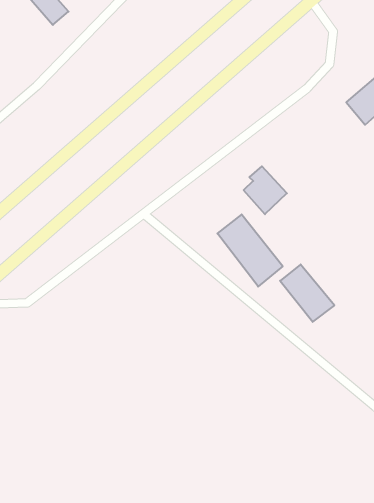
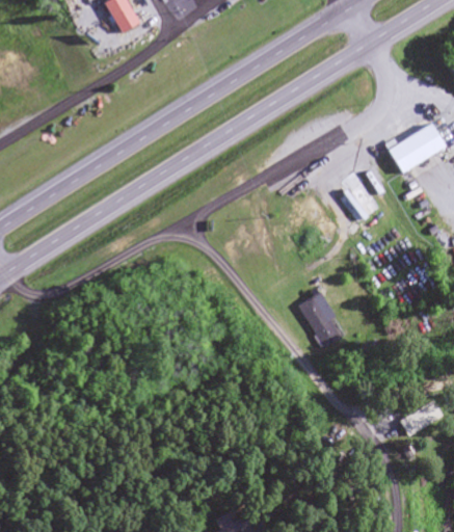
building: [244,166,287,214] -> [341,179,381,224]
building: [217,214,283,287] -> none

